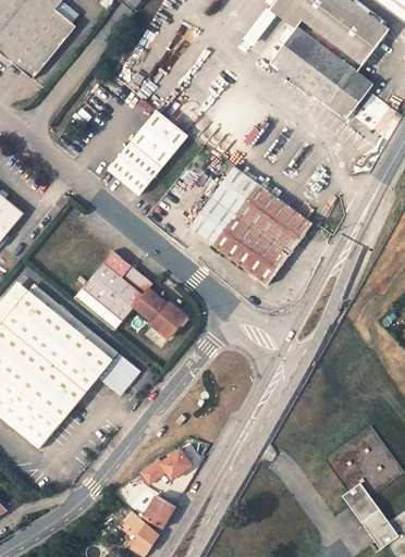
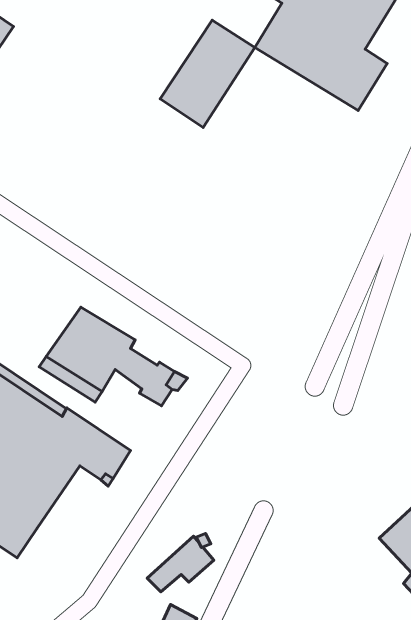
building: [109,111,188,195] -> [160,20,255,127]
building: [193,169,312,284] -> none

